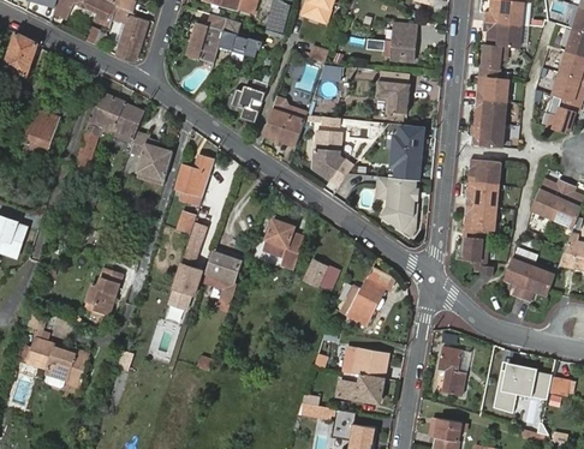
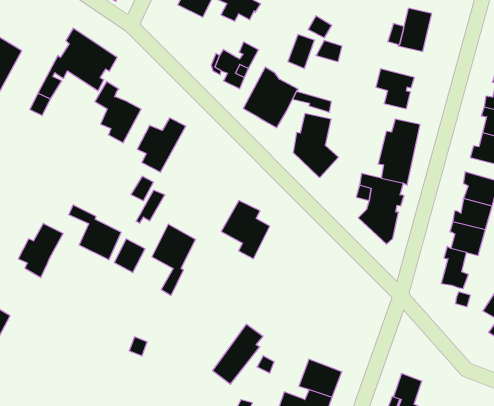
building: none -> [69,205,121,260]
building: [302,258,336,288] -> none
building: [347,270,387,325] -> [213,324,263,384]

